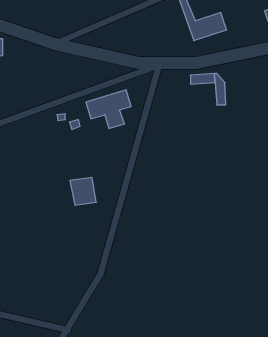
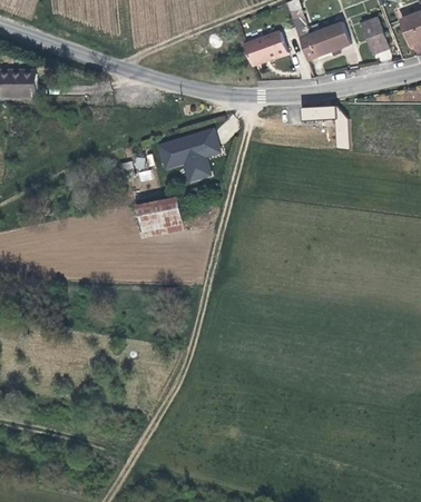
building: none -> [361,21,388,59]
building: none -> [243,29,293,65]
building: [70,177,96,205] -> [135,199,170,237]

